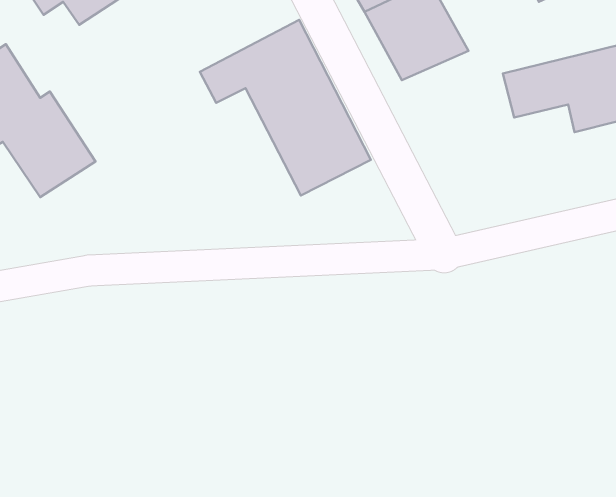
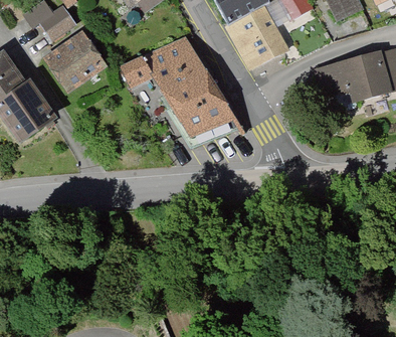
building: none -> [41,28,105,93]

